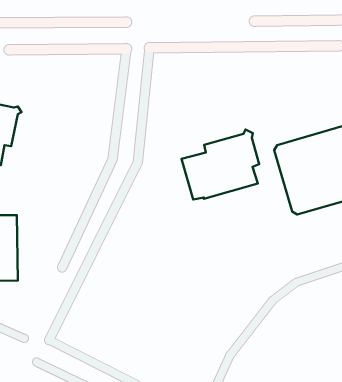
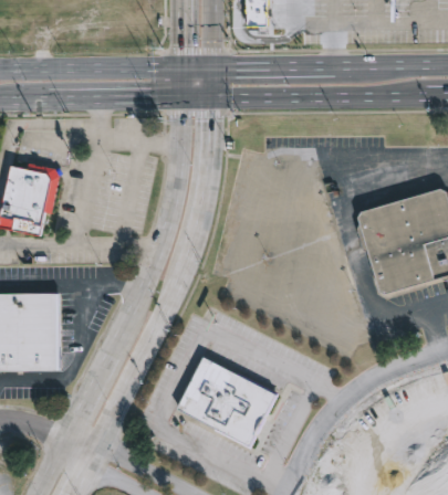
building: [182,129,259,200] -> none
building: none -> [176,357,275,446]

